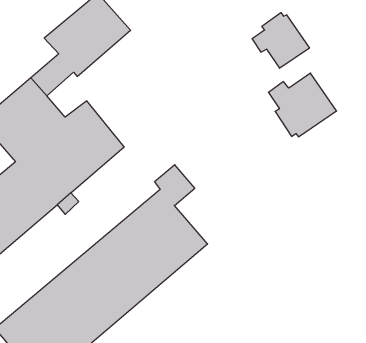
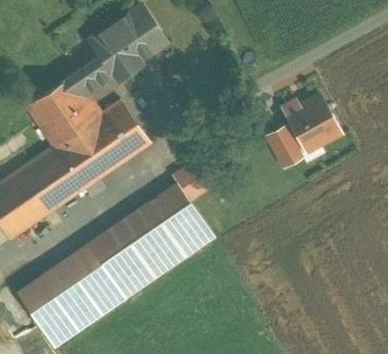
building: [252,13,309,68] -> none
building: none -> [266,125,302,166]

